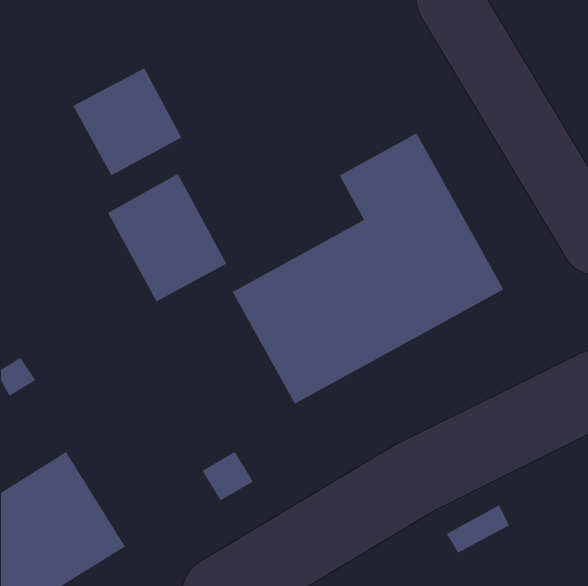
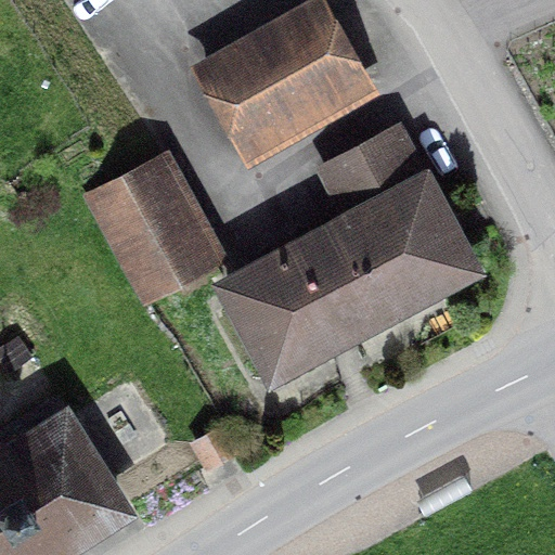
building: none -> [214,14,365,147]
building: [73,68,182,176] -> none

